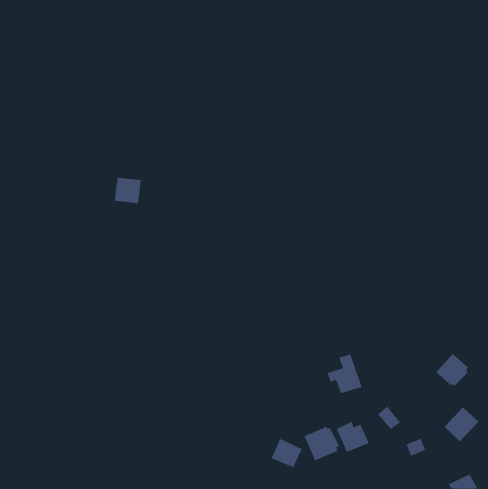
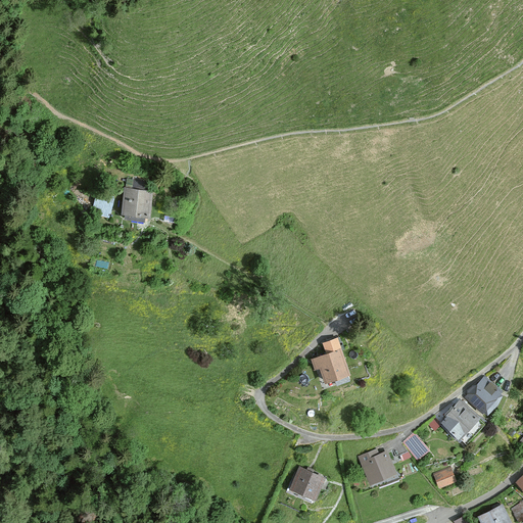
building: [327,354,362,394] -> [311,339,348,382]
building: [444,407,479,442] -> [441,401,479,439]
building: [304,426,340,461] -> none

